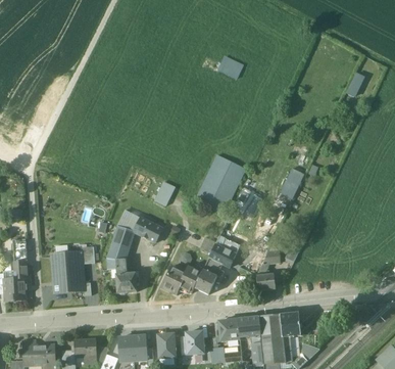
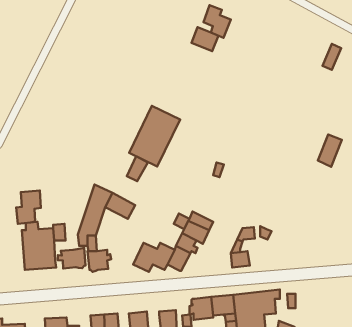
building: none -> [204,5,231,38]
building: [194,154,244,214] -> [129,106,180,166]
building: [281,167,304,198] -> [318,134,342,167]
building: none -> [16,191,41,224]
building: none -> [58,248,85,268]

